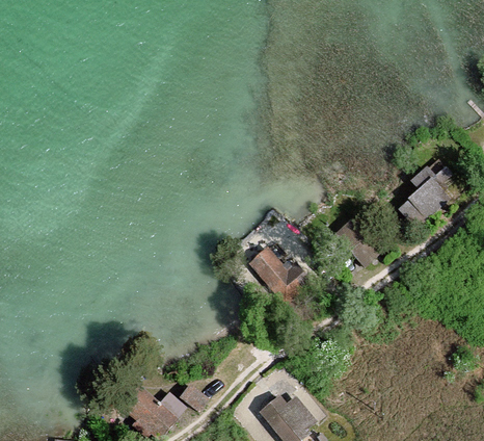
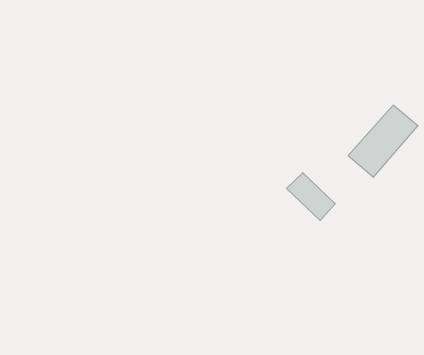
building: [248,247,306,306] -> none

